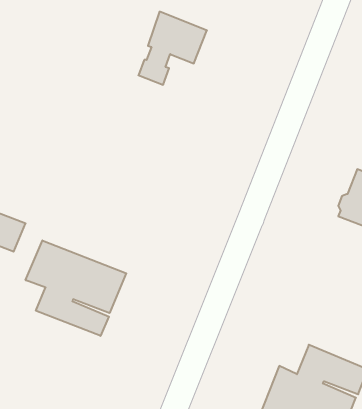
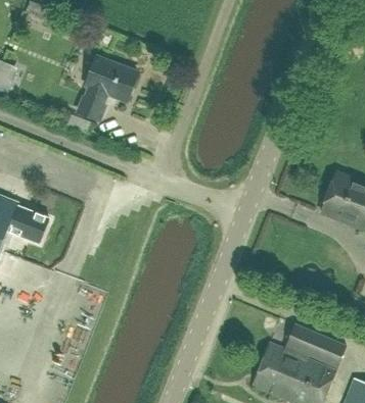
building: [138,12,207,85] -> [78,57,137,120]
building: [26,240,126,336] -> none

